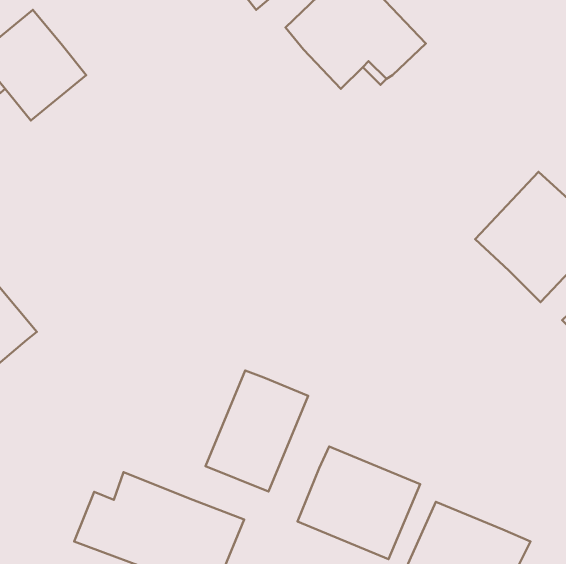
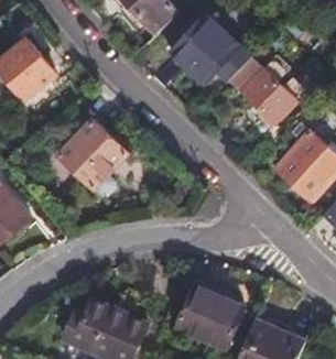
building: none -> [228,54,296,123]
building: none -> [55,121,126,192]
building: [206,371,308,491] -> none

